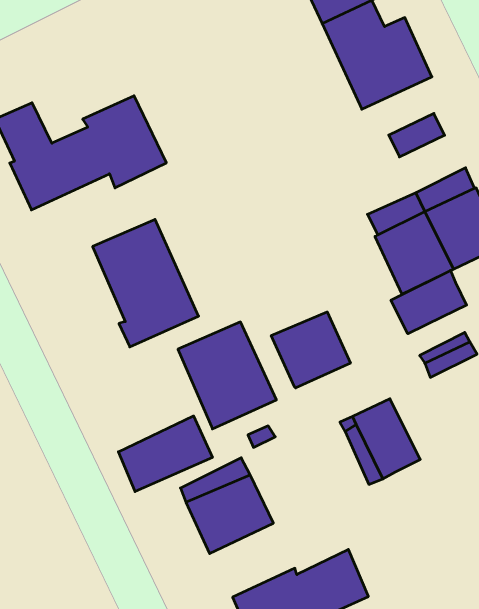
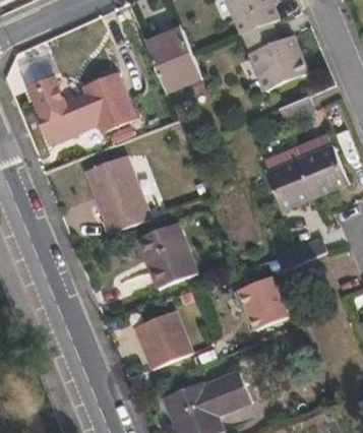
building: none -> [145,27,202,91]
building: [391,270,467,334] -> none
building: [271,312,350,388] -> none
building: [118,416,212,492] -> none

